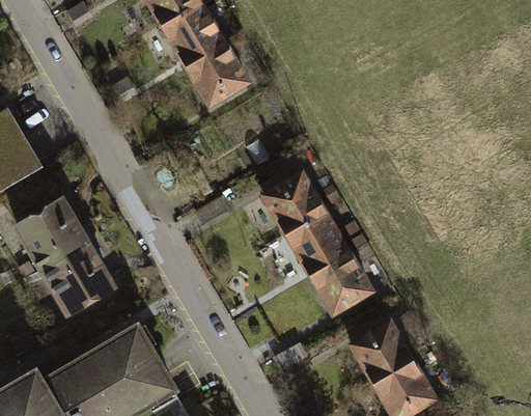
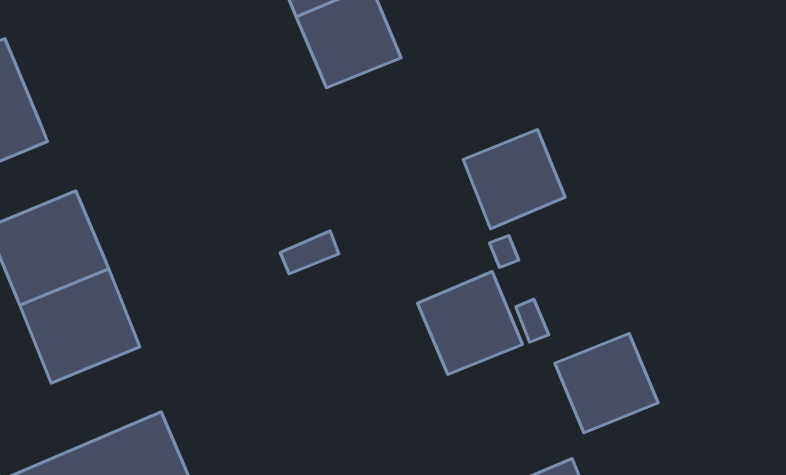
building: [261,171,328,237] -> [463,130,565,229]
building: [309,253,376,318] -> [555,333,658,433]

